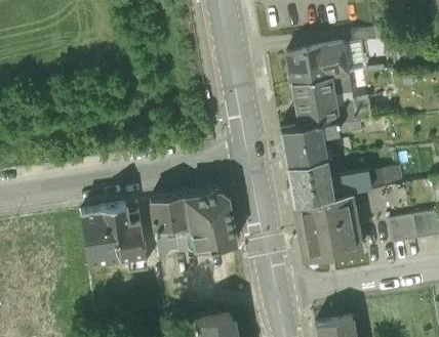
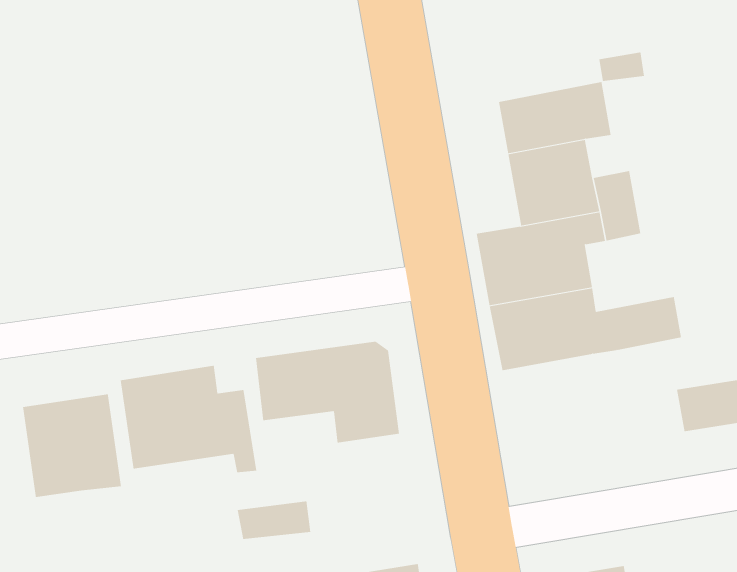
building: [290,198,364,264] -> none
building: none -> [22,393,122,498]
building: [158,231,199,253] -> [237,501,311,540]

